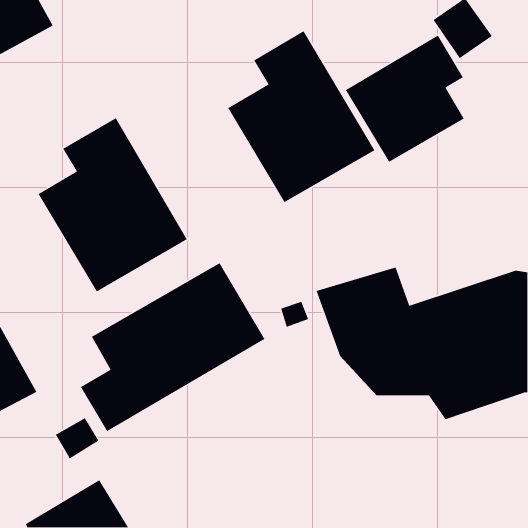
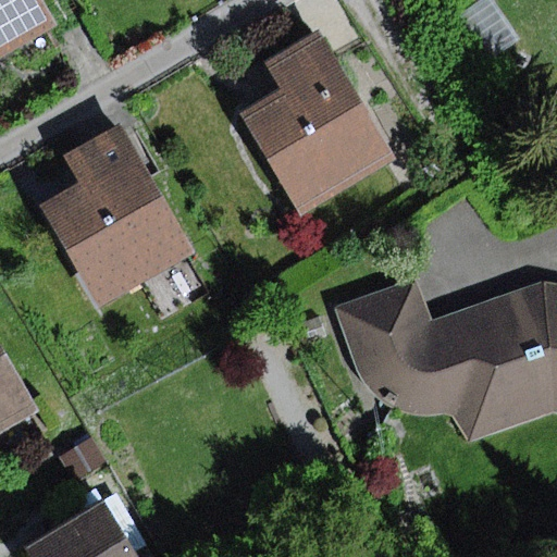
building: [345,34,465,163] -> none
building: [80,262,266,432] -> none

